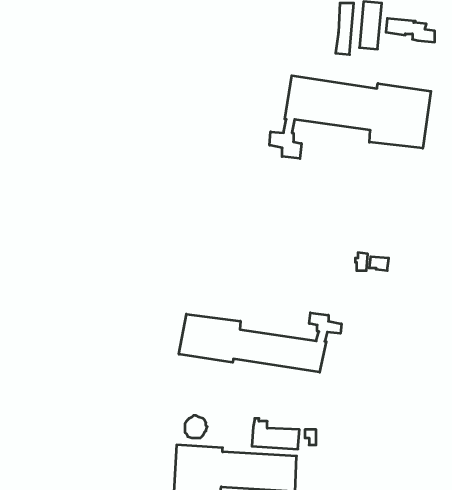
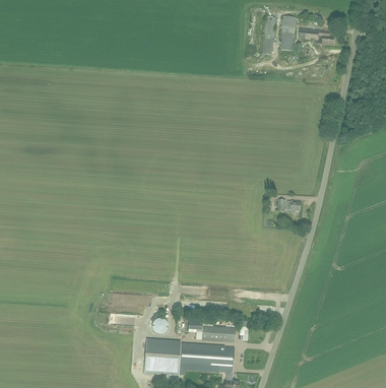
building: [270,76,431,159] -> none
building: [179,313,341,372] -> none

